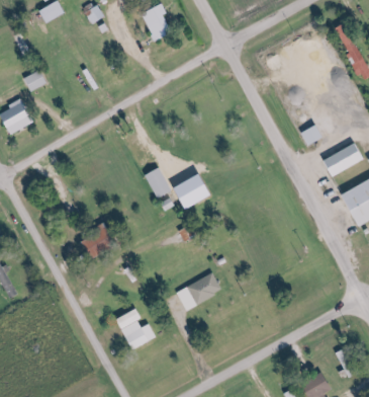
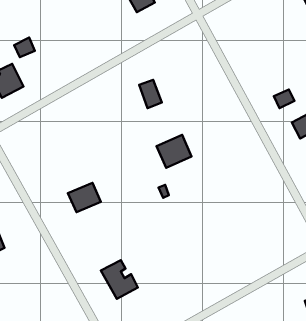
building: [146,168,170,198] -> [139,80,162,108]
building: [175,272,221,310] -> none

